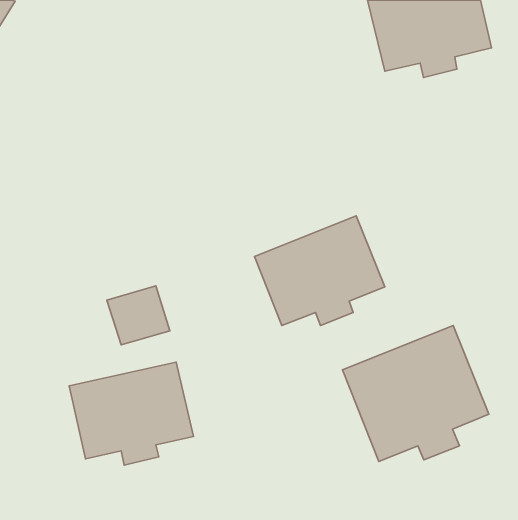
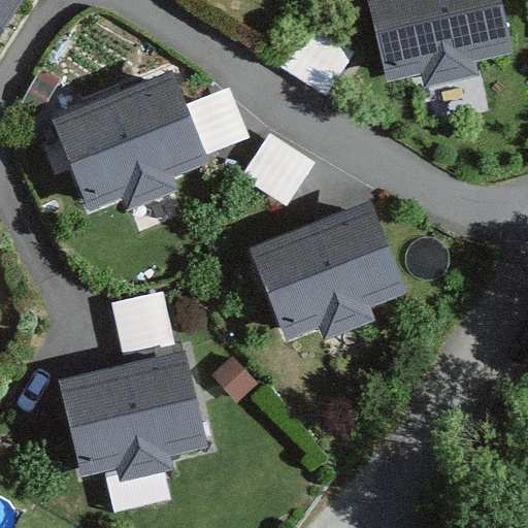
building: none -> [63,89,195,200]
building: [342,326,489,461] -> none

